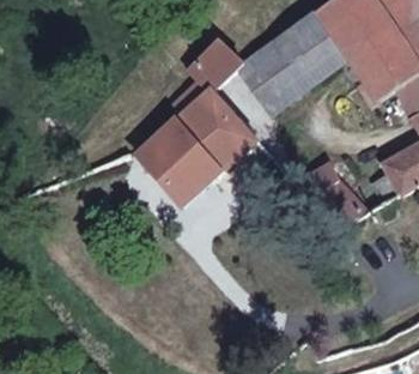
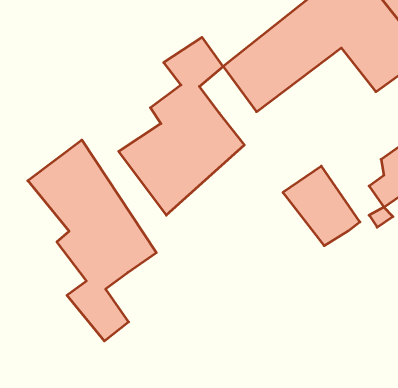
building: none -> [28,140,156,341]

